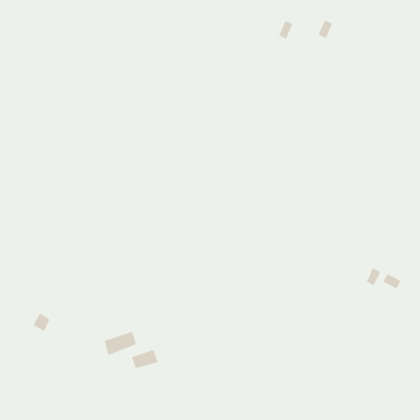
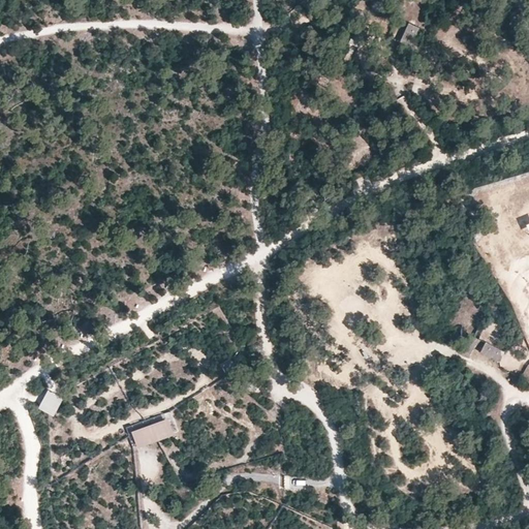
building: [131,349,159,369] -> none

